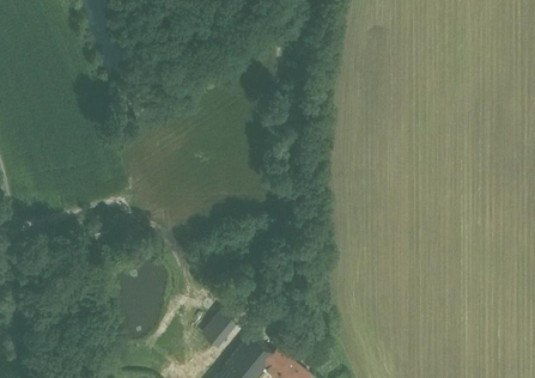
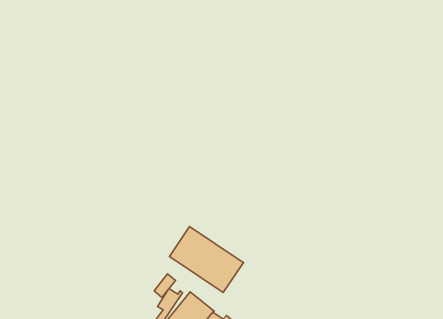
building: none -> [169,226,243,292]

